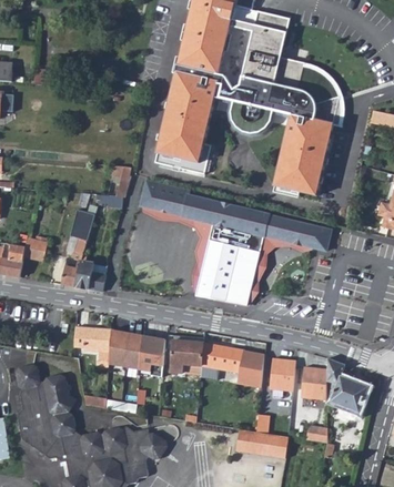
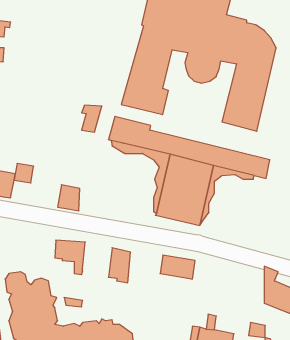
building: [62,214,93,285] -> none
building: [107,327,142,369] -> none
building: [170,341,203,373] -> none
building: [236,349,263,387] -> none
building: [269,358,294,390] -> none
building: [300,366,325,400] -> none

